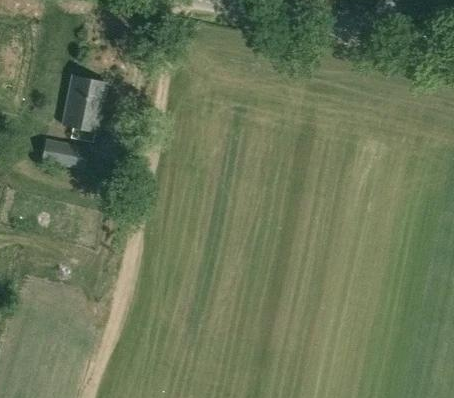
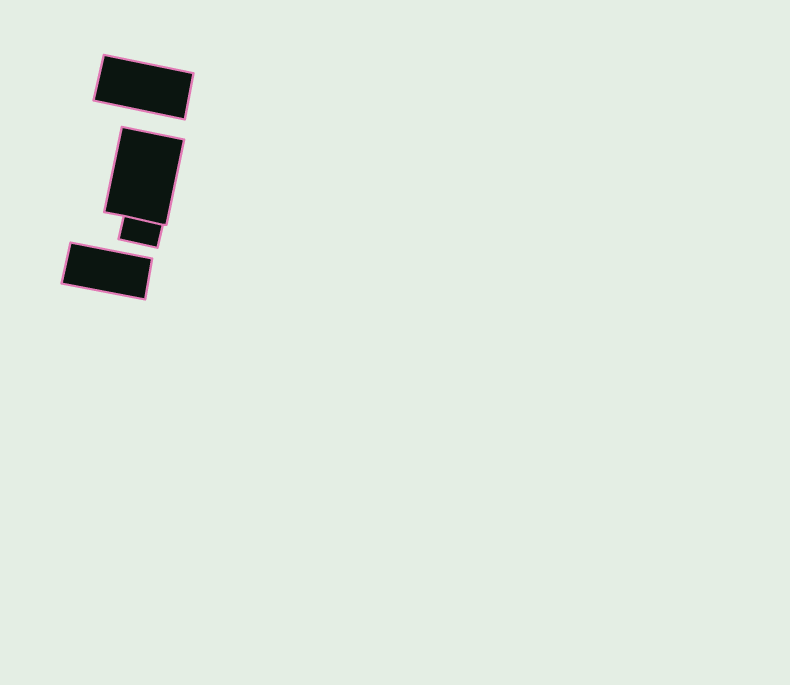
building: none -> [94,55,193,119]

